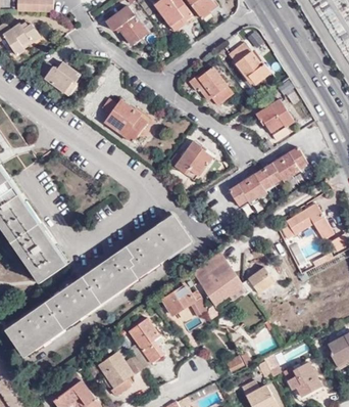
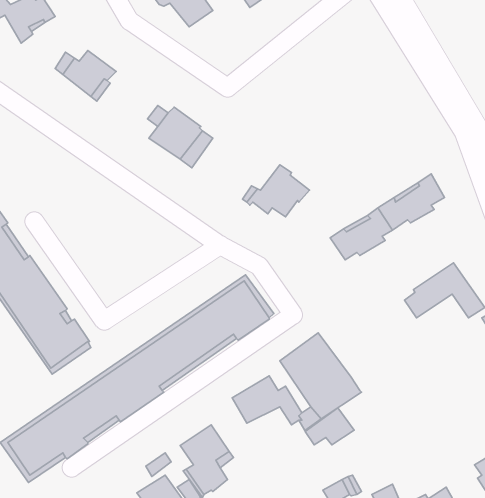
building: [229,43,271,84] -> none
building: [190,66,233,104] -> none
building: [256,98,295,132] -> none
building: [243,269,277,295] -> [305,408,354,445]

